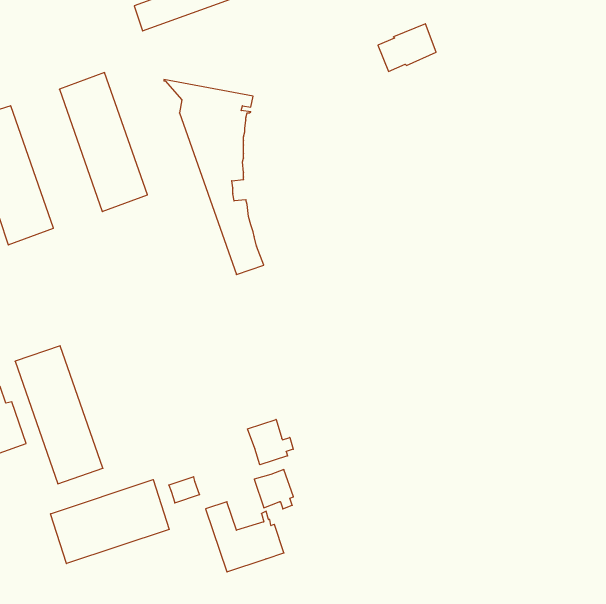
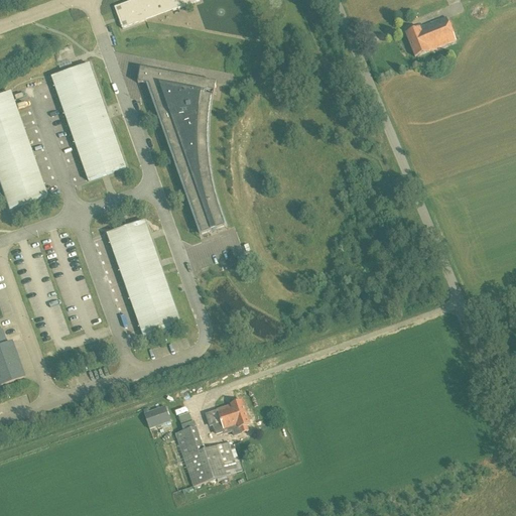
building: [378,24,436,71] -> [405,14,455,54]
building: [15,346,103,484] -> [106,219,180,336]
building: [248,419,293,465] -> none
building: [51,480,169,564] -> none

